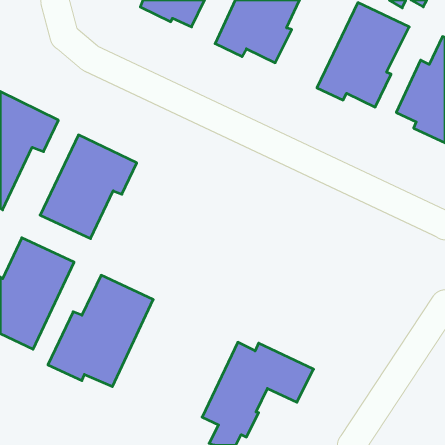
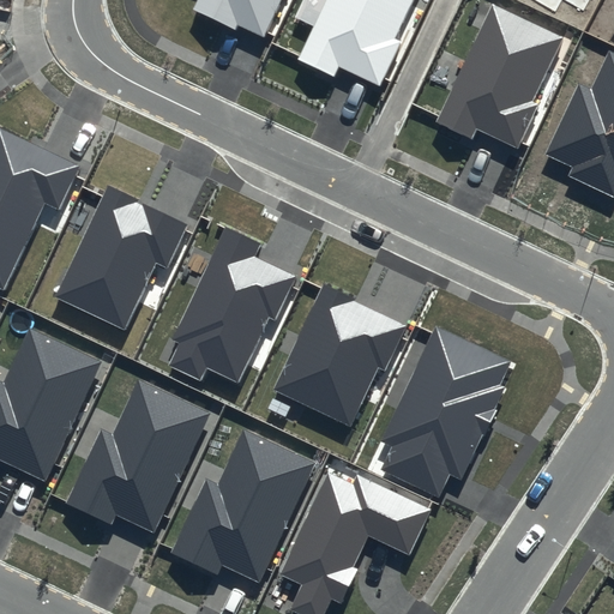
building: none -> [169,227,297,383]
building: none -> [273,282,407,426]
building: none -> [379,324,511,499]
building: none -> [171,428,317,583]

